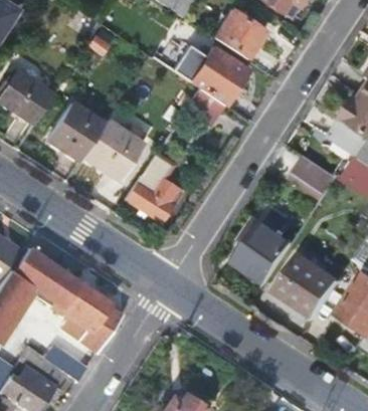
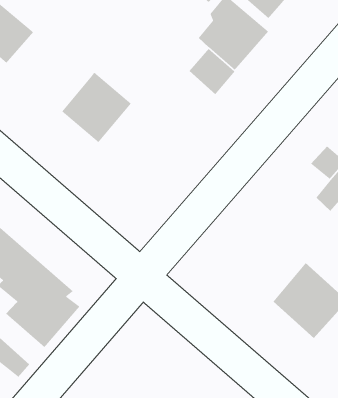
building: [48,101,106,162] -> none
building: [125,156,177,222] -> none
building: [236,210,295,283] -> none

